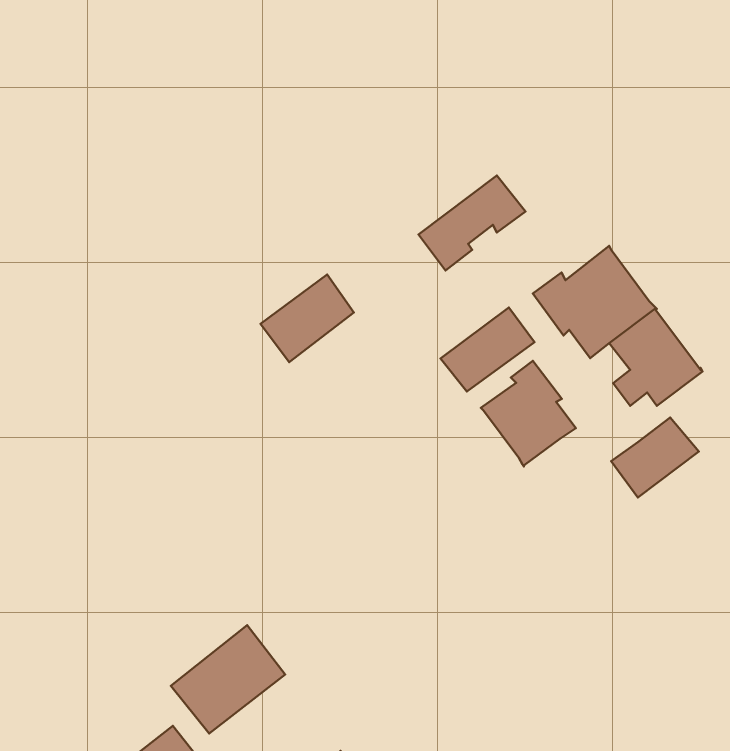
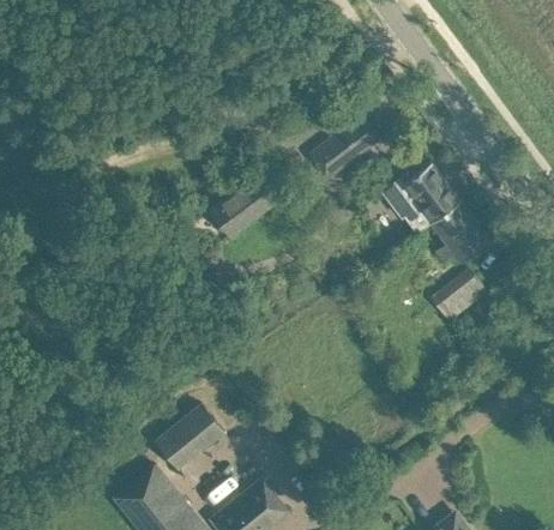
building: [440,308,534,391] -> none
building: [481,361,576,467] -> none

